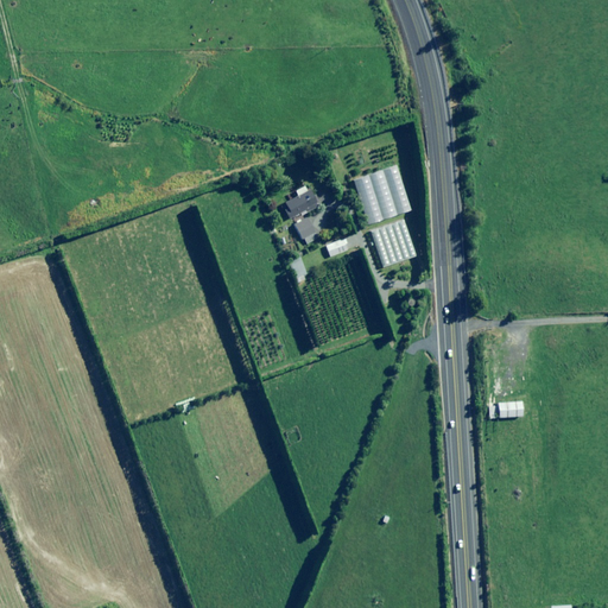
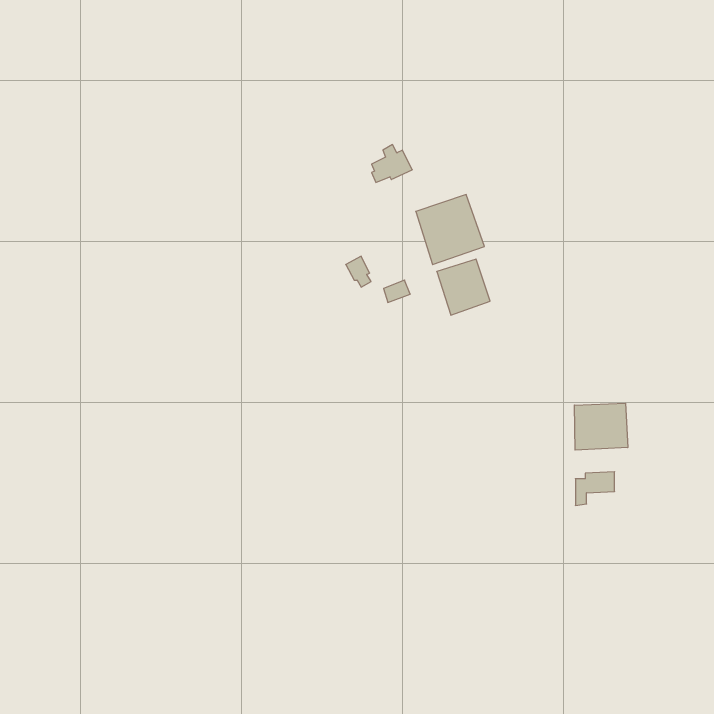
building: [285,185,319,217] -> [372,145,412,182]
building: none -> [574,403,628,450]

